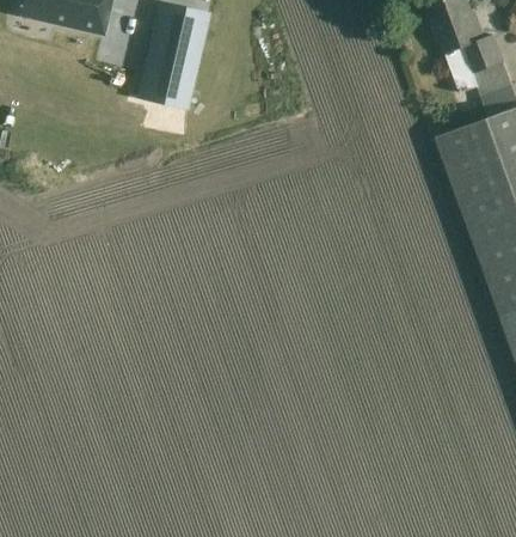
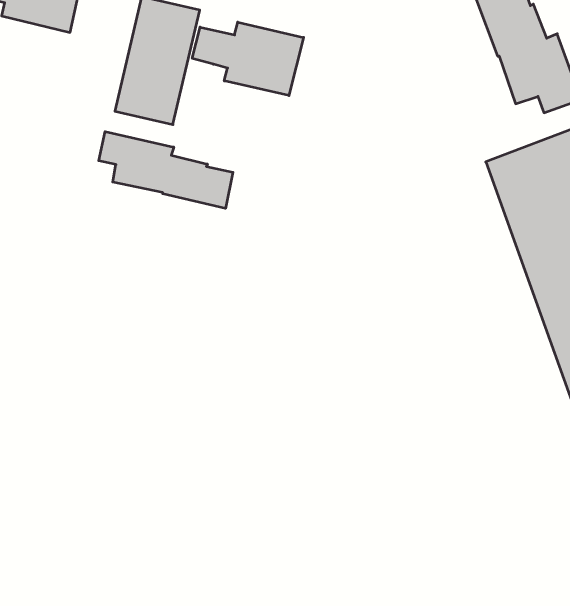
building: none -> [192,22,304,96]
building: none -> [99,132,233,208]

